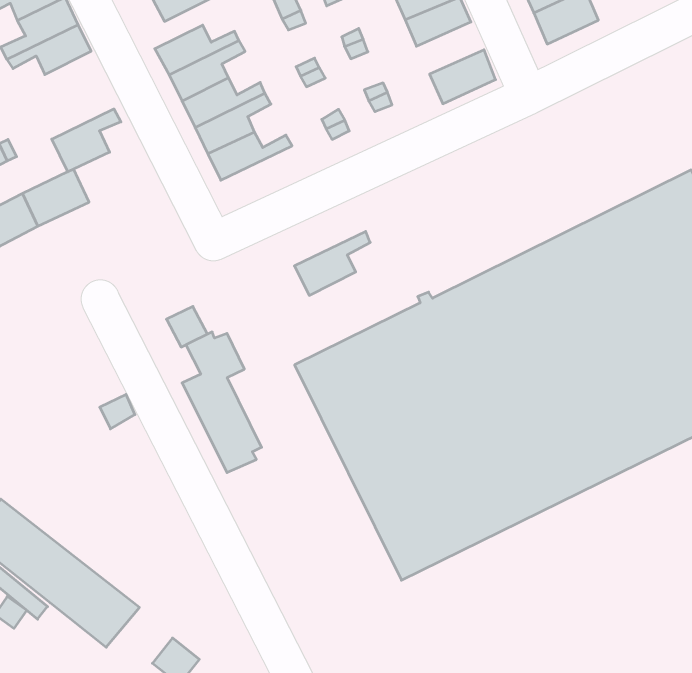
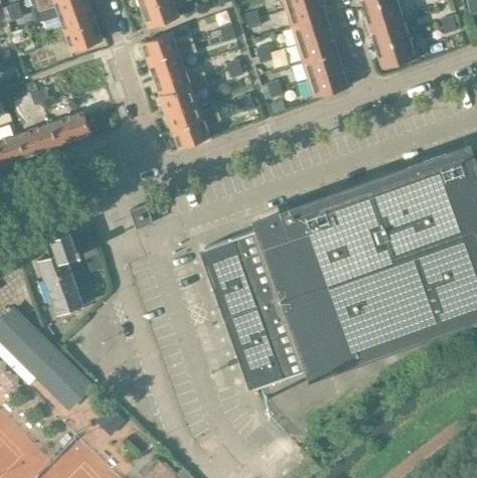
building: none -> [302,49,343,78]
building: [52,109,121,172] -> none
building: [294,231,370,295] -> [172,113,220,148]
building: [182,332,262,473] -> [37,230,82,318]

